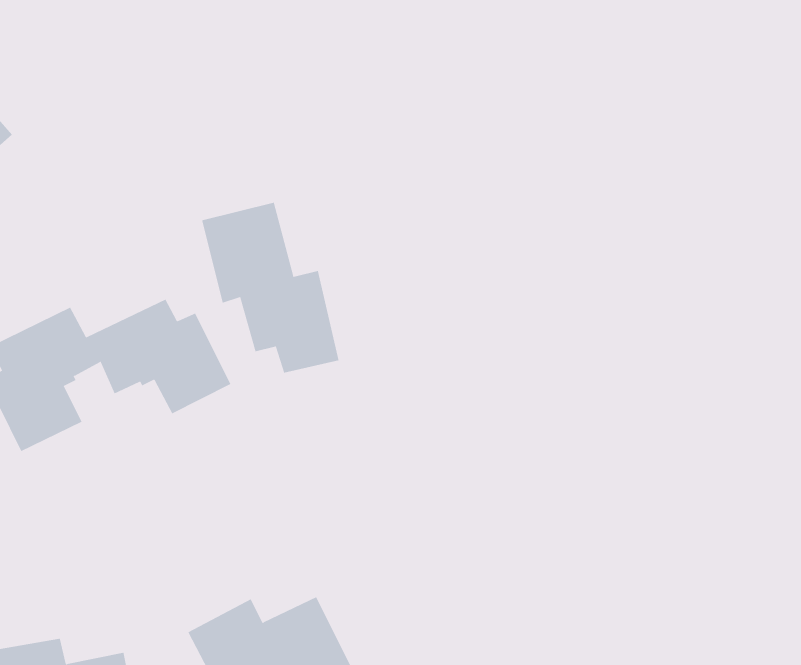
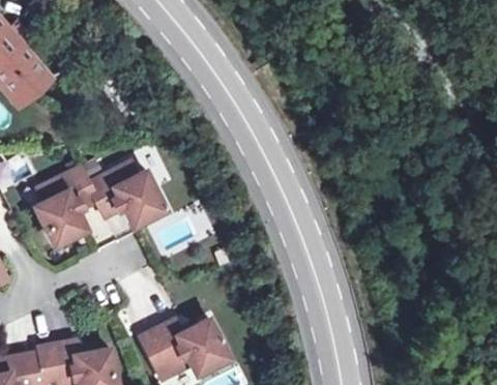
building: [201,202,339,373] -> none

